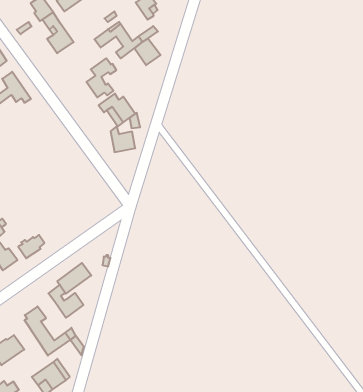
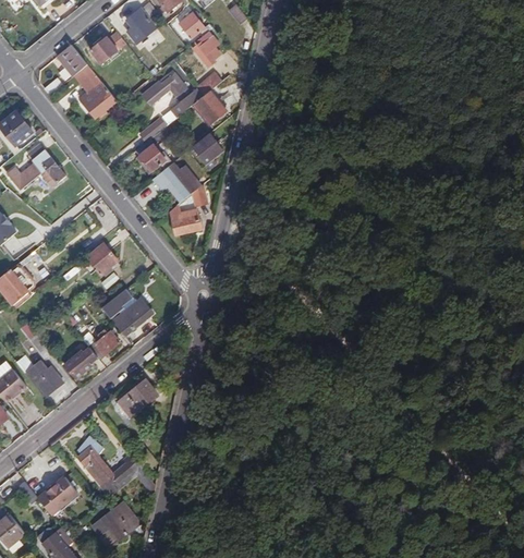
building: none -> [191,133,221,167]
building: none -> [83,239,118,274]
building: none -> [101,288,153,335]
building: none -> [87,329,119,357]
building: [48,285,83,318] -> none

